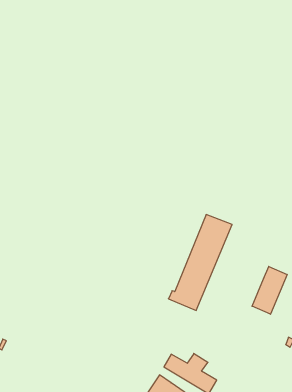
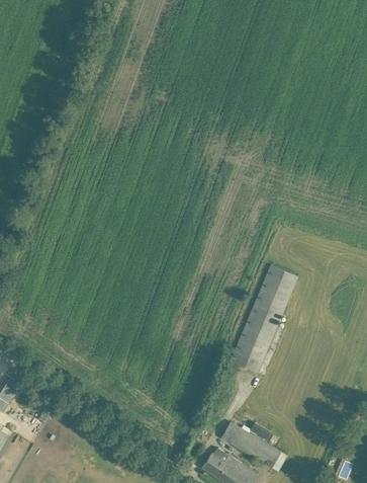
building: [252,266,287,314] -> none

